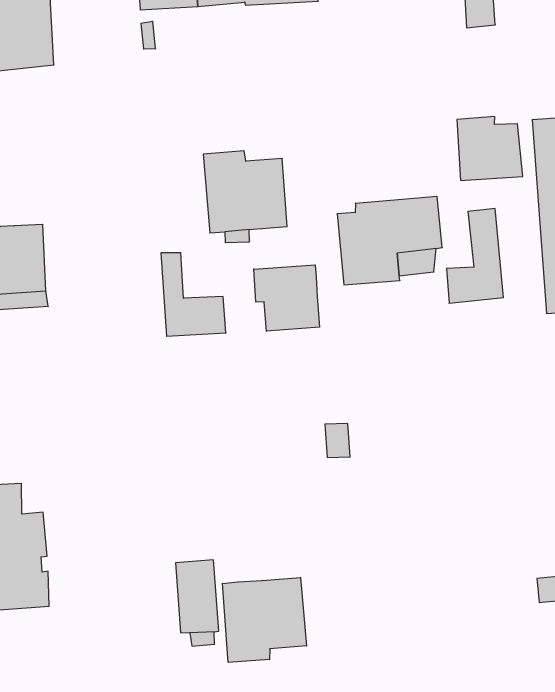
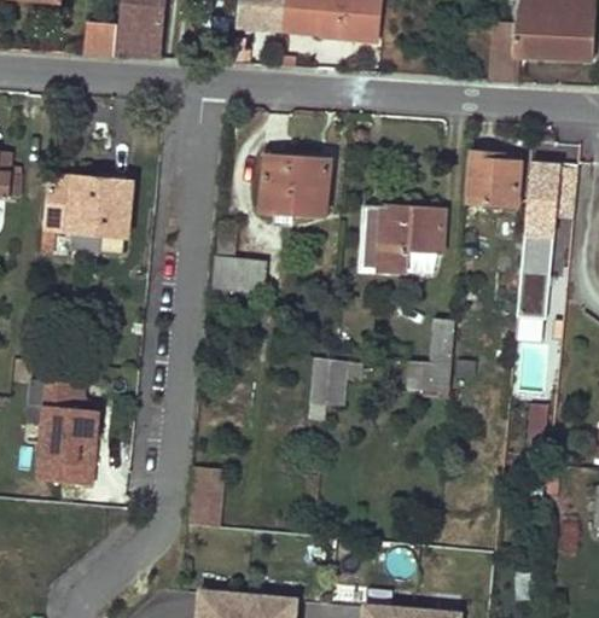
building: [447,209,503,303] -> [408,319,456,391]
building: [254,265,319,331] -> none
building: none -> [314,356,365,402]
building: [222,577,306,662] -> none

